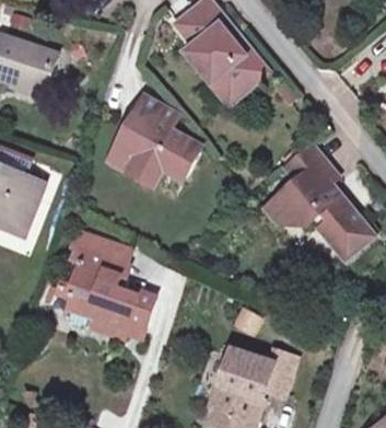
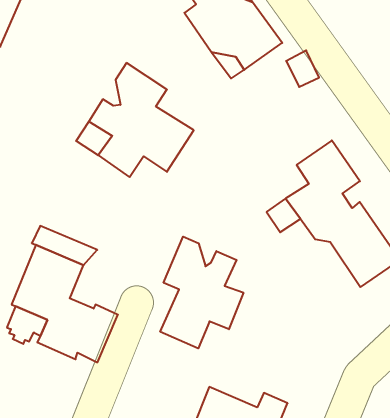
building: none -> [160,237,243,348]

